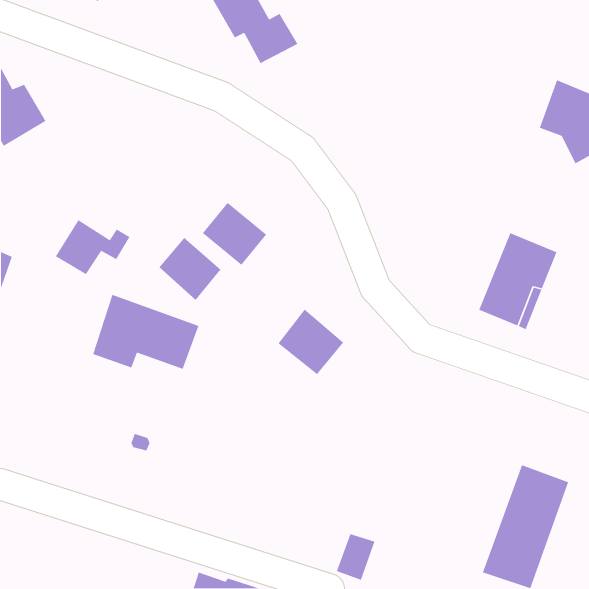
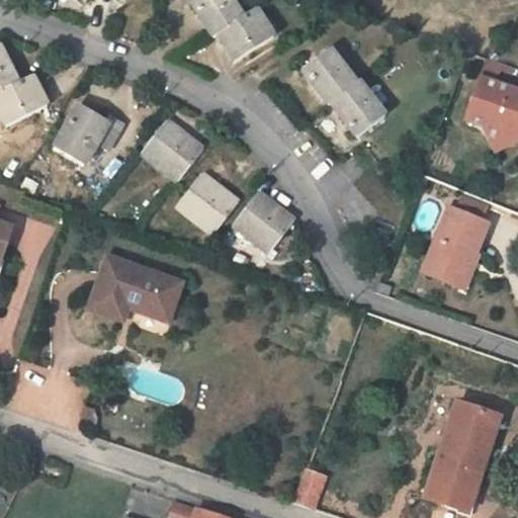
building: none -> [310,57,372,134]
building: [55,219,131,275] -> [57,106,122,155]
building: [159,237,222,301] -> [148,120,202,176]
building: [278,309,344,375] -> [236,193,293,251]

